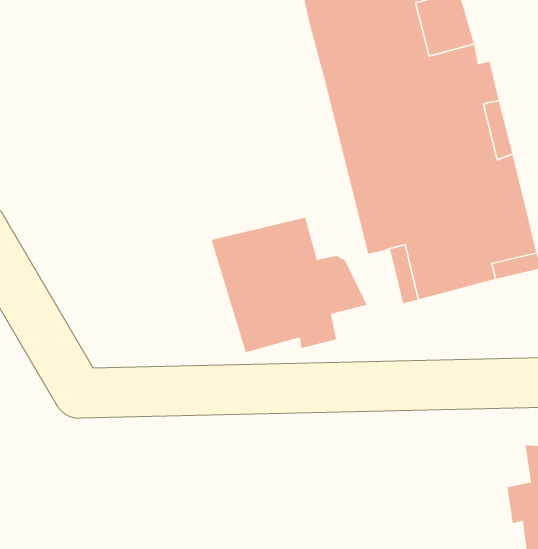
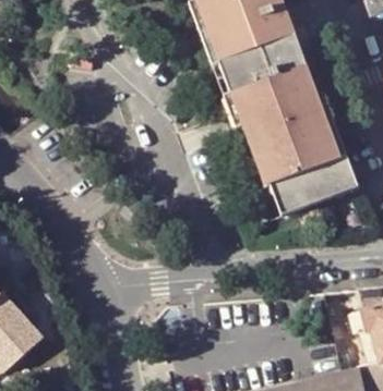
building: [211,217,368,353] -> none

